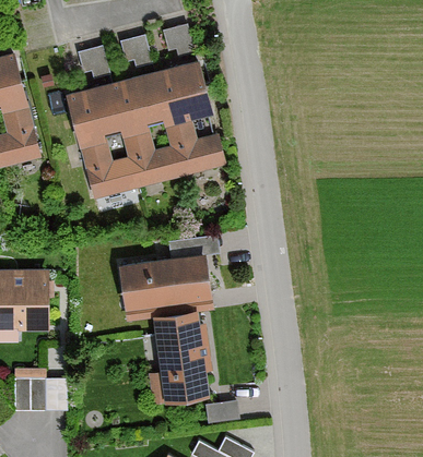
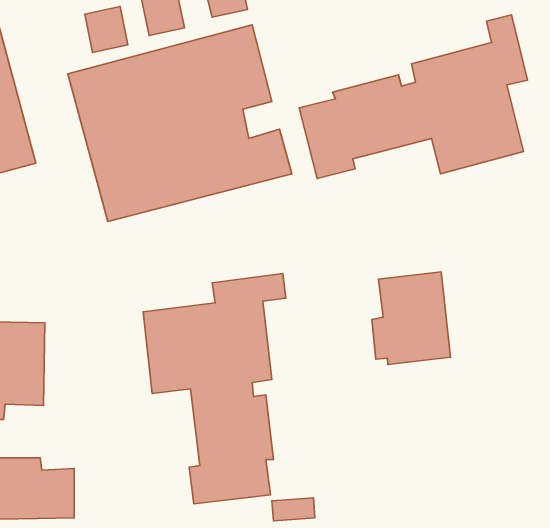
building: none -> [299,15,528,178]
building: none -> [372,272,451,364]

